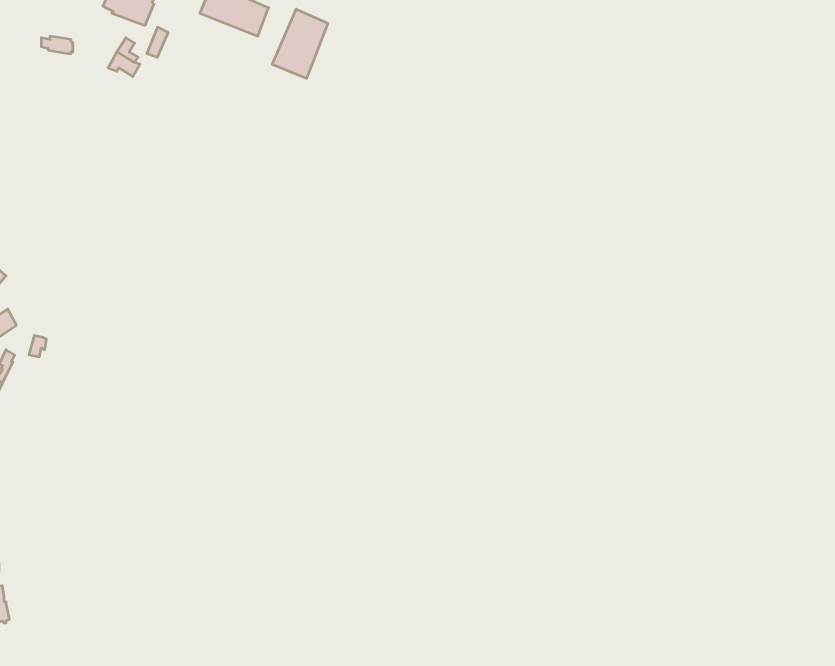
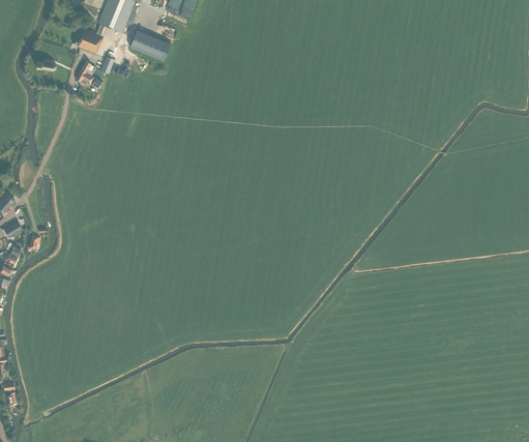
building: [272,9,328,78] -> none

